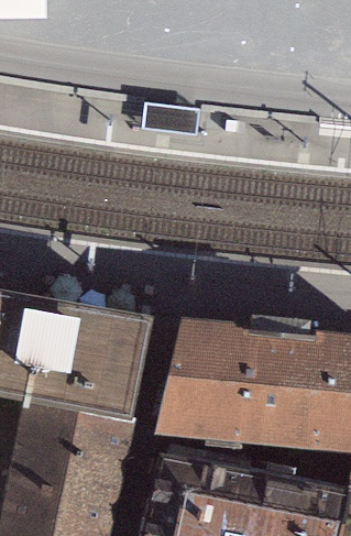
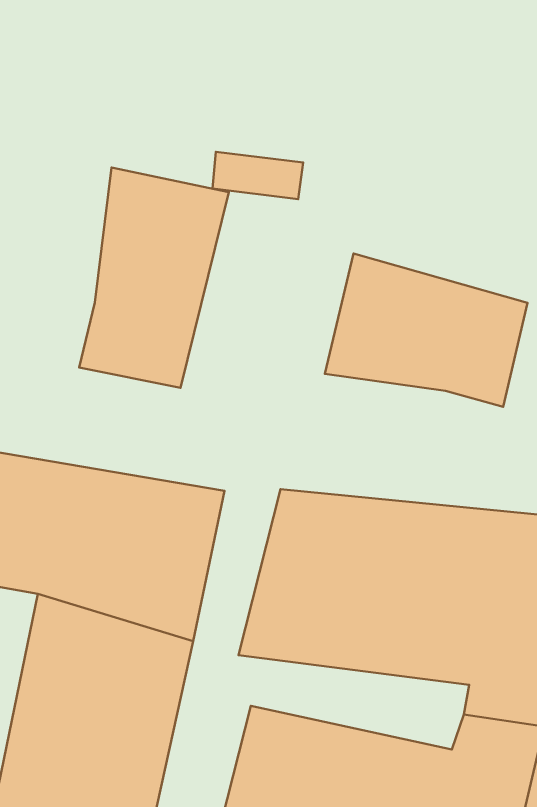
building: none -> [79,167,229,388]
building: none -> [325,254,528,407]

